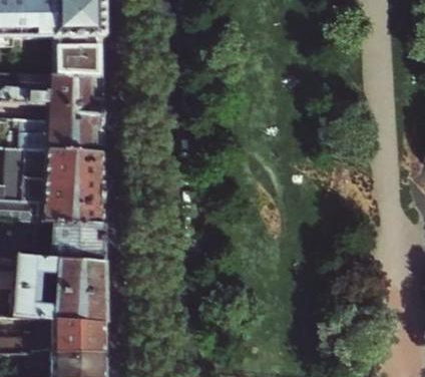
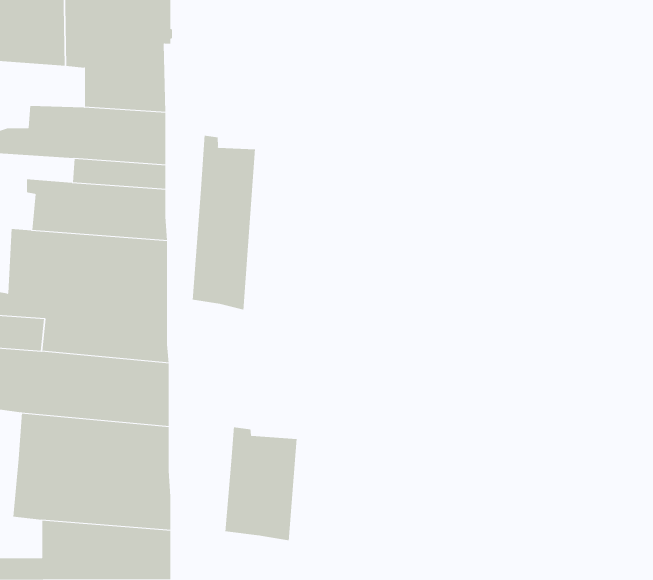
building: none -> [192,135,255,310]
building: none -> [225,427,297,541]

